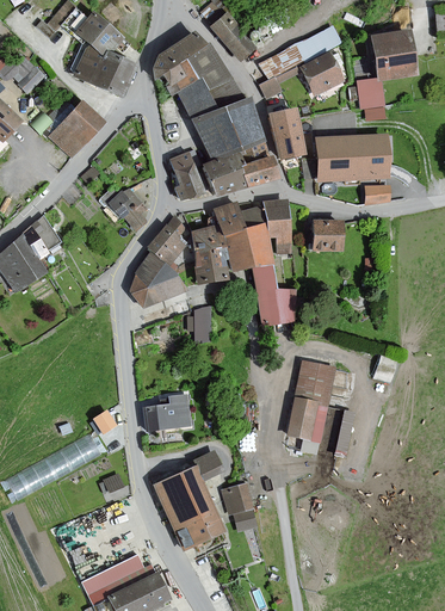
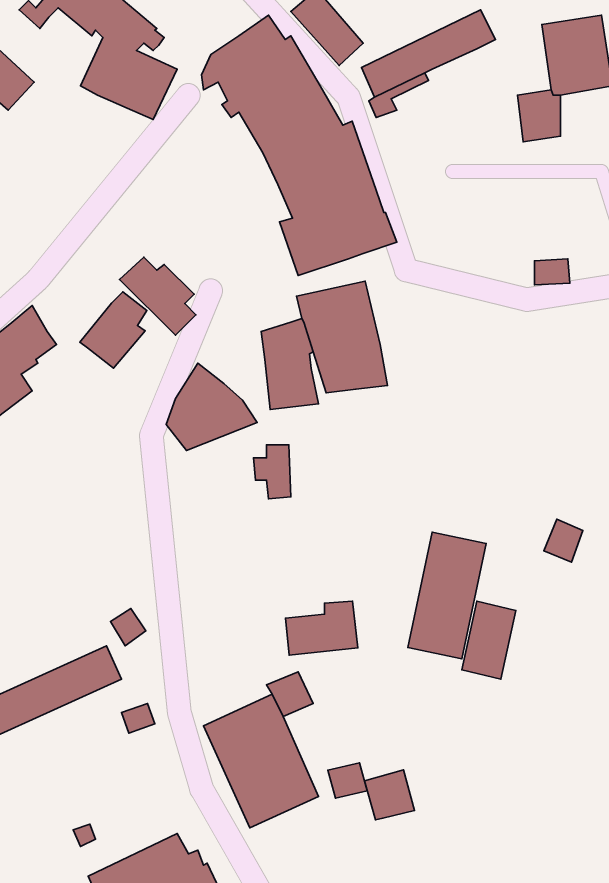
building: [301,51,342,94] -> none
building: [47,100,104,159] -> none
building: [270,110,304,159] -> none
building: [316,136,389,181] -> none
building: [171,153,203,200] -> none
building: [262,200,290,257] -> none
building: [146,217,188,266] -> [80,292,147,368]
building: [315,221,341,248] -> none
building: [252,267,295,327] -> none
building: [144,396,191,431] -> [285,601,358,655]
building: [222,483,254,516] -> [364,770,415,820]

